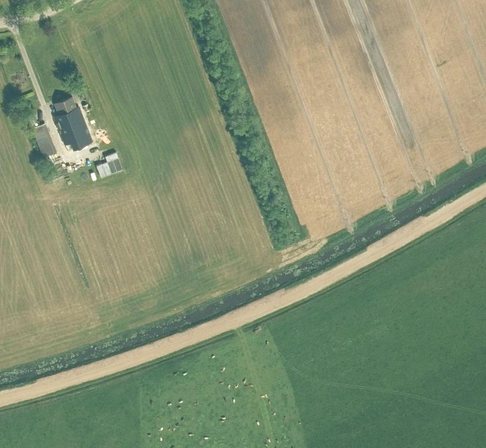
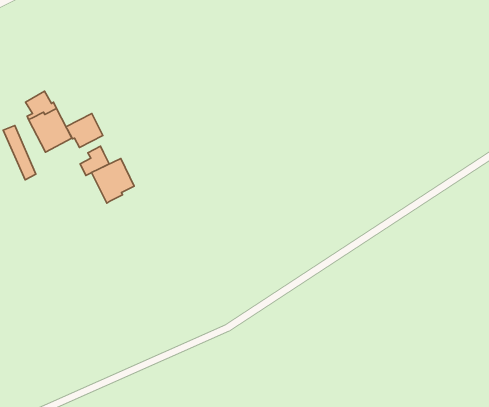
building: none -> [66,114,103,147]
building: none -> [92,159,134,203]

